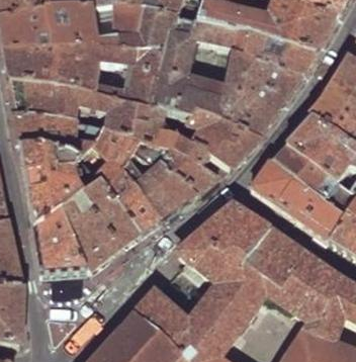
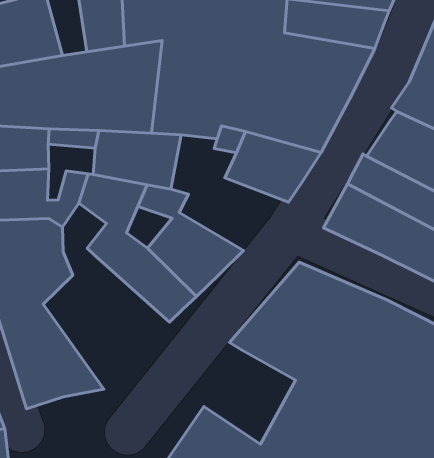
building: [158,137,231,194] -> none
building: [60,182,141,271] -> none

